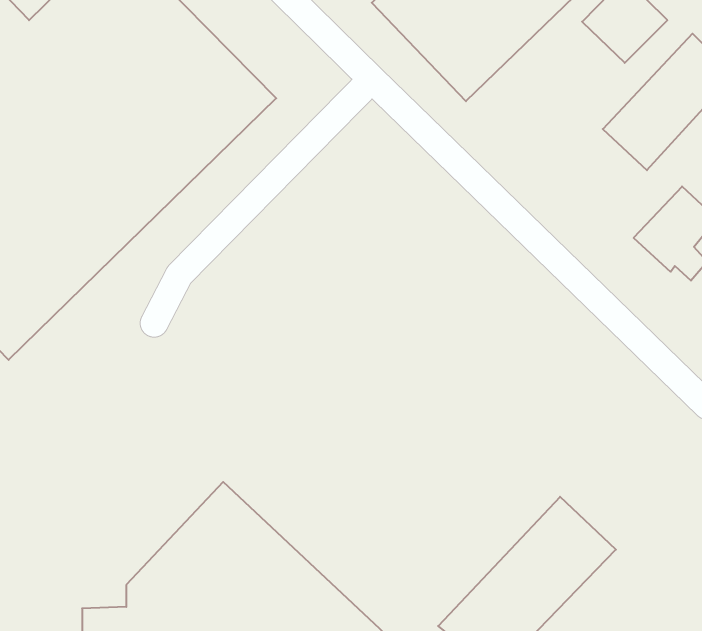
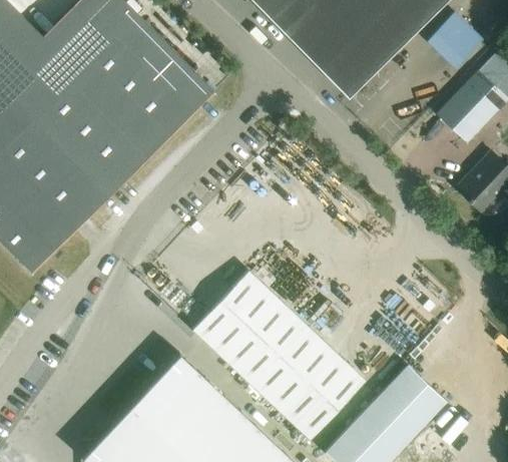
building: none -> [191,271,364,439]

